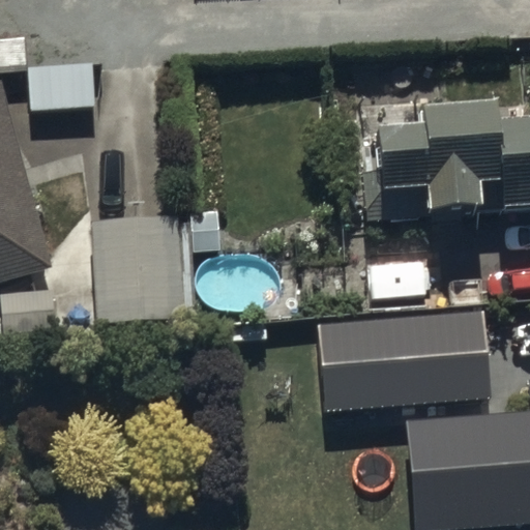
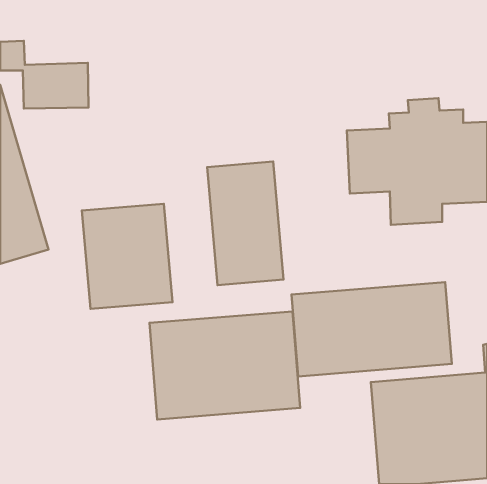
building: none -> [207,161,283,285]
building: none -> [150,311,300,419]

